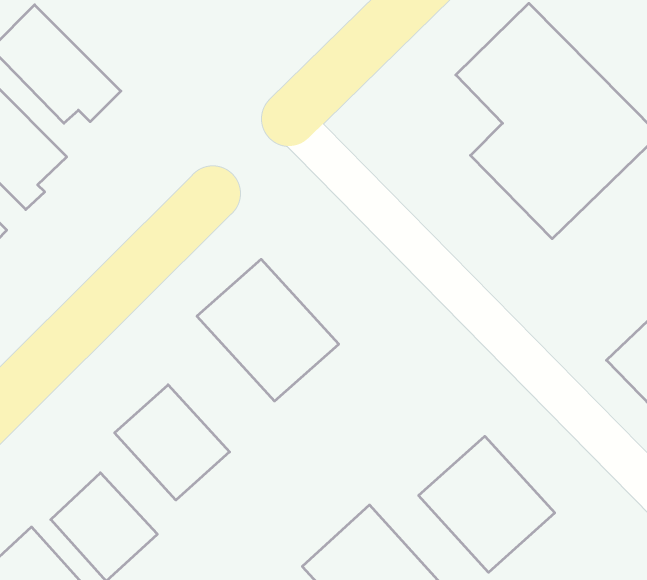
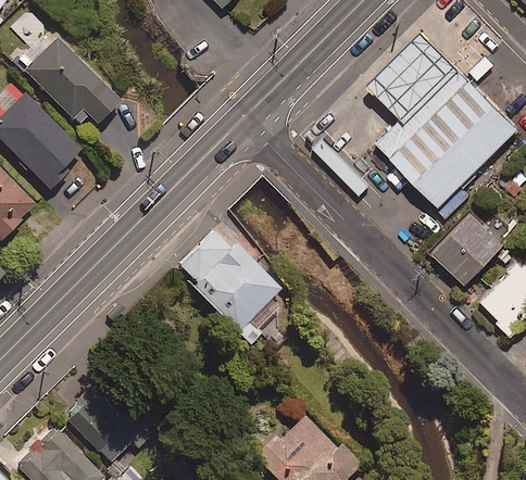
building: none -> [430,209,502,280]
building: [115,385,230,500] -> none
building: [419,436,555,572] -> none

